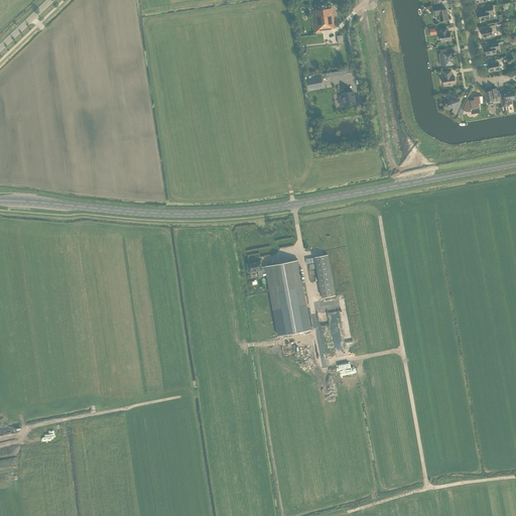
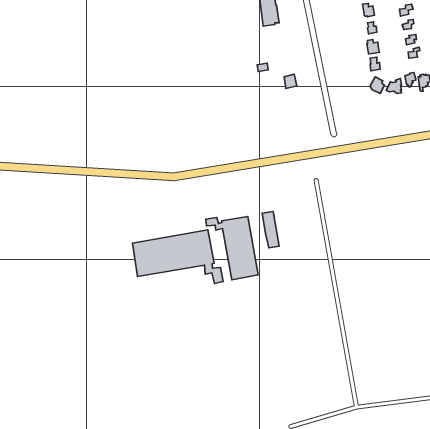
building: none -> [132,230,223,283]

